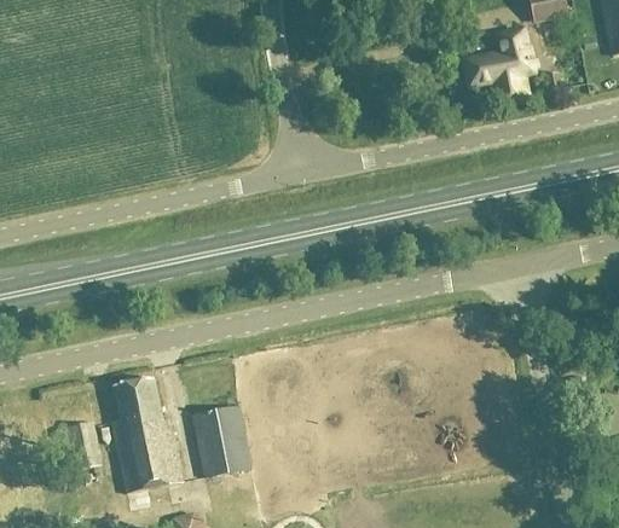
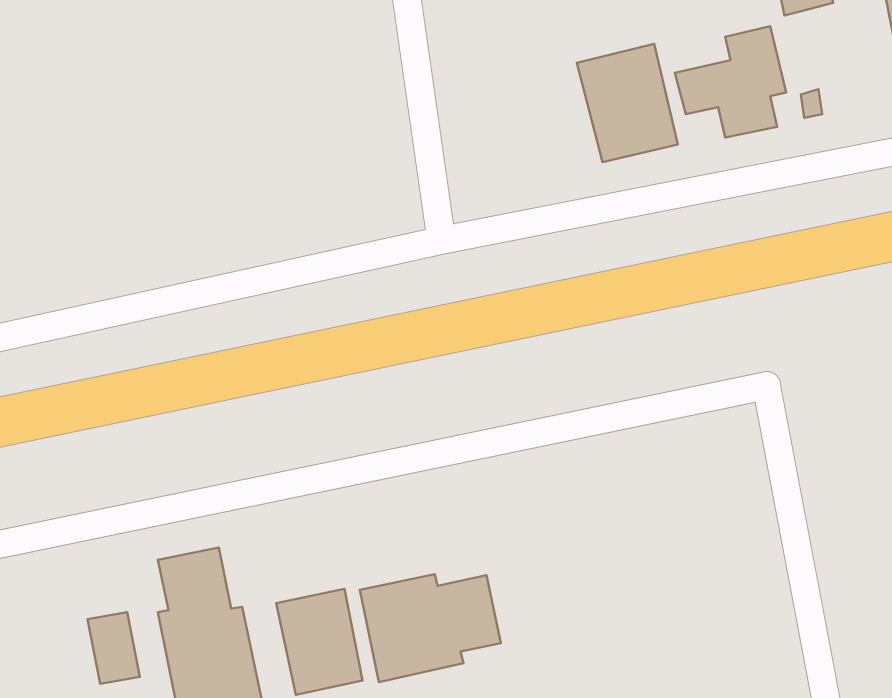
building: none -> [577,44,678,162]
building: none -> [360,574,501,682]

